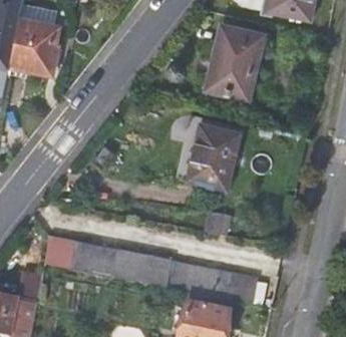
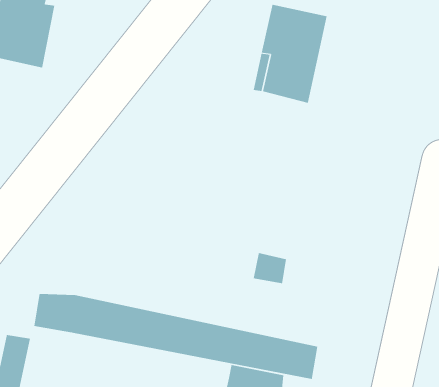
building: [175,121,239,192] -> none

